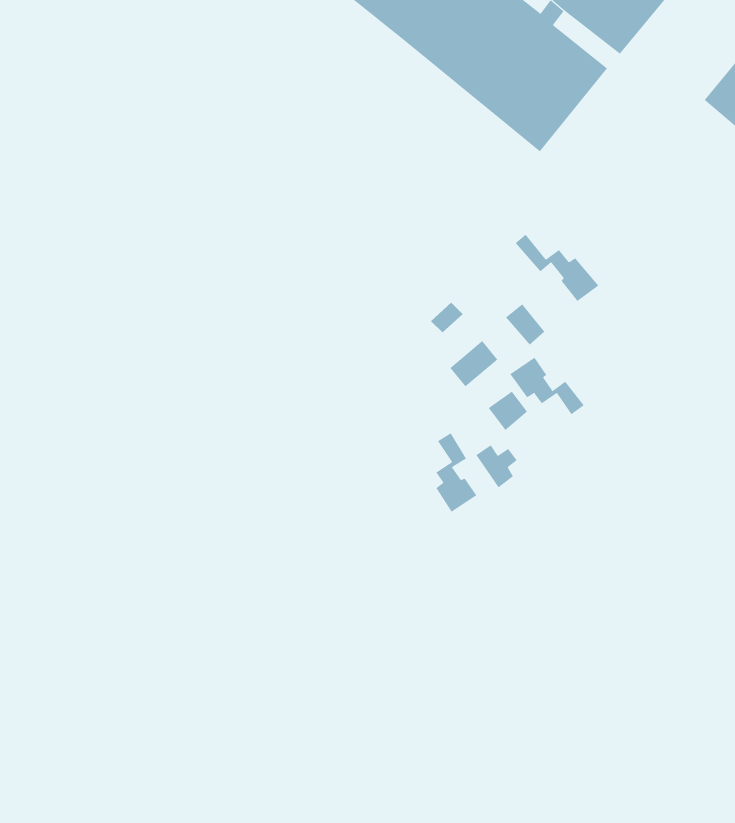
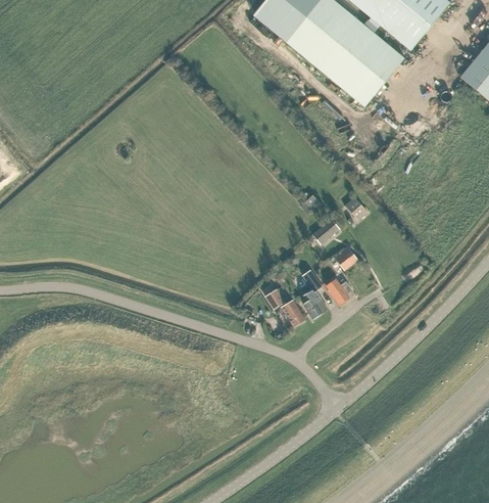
building: [515,234,599,302] -> none
building: [510,357,584,415] -> none
building: none -> [266,289,305,325]

